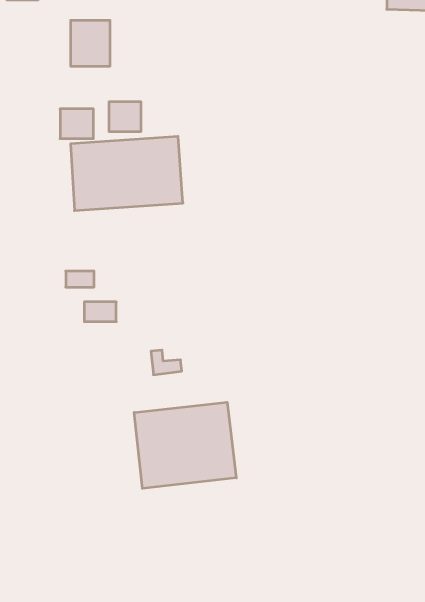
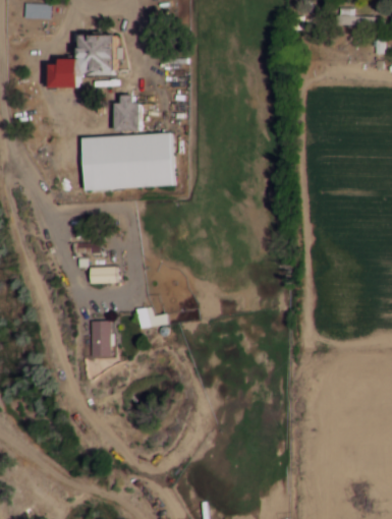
building: [60,109,93,139] -> [46,62,73,86]
building: none -> [95,322,113,356]
building: [134,402,236,488] -> none

